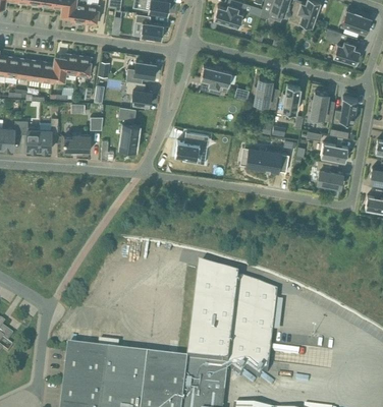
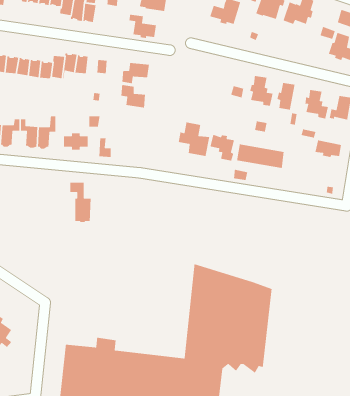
building: [201,64,231,94] -> none
building: [118,112,141,154] -> [69,182,92,223]
building: none -> [209,134,235,161]
building: [317,160,343,185] -> none

